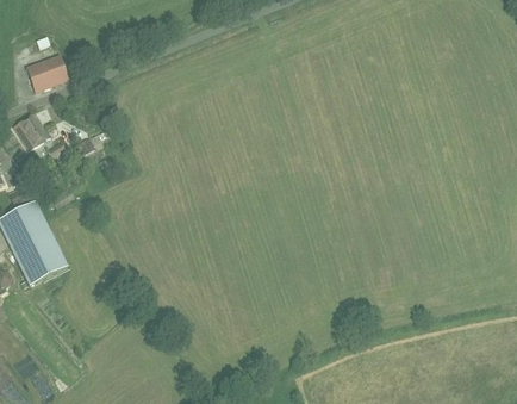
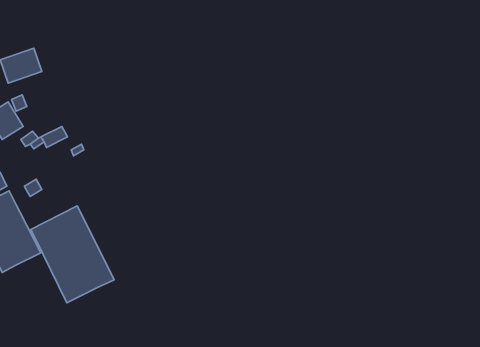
building: none -> [31,206,114,303]

